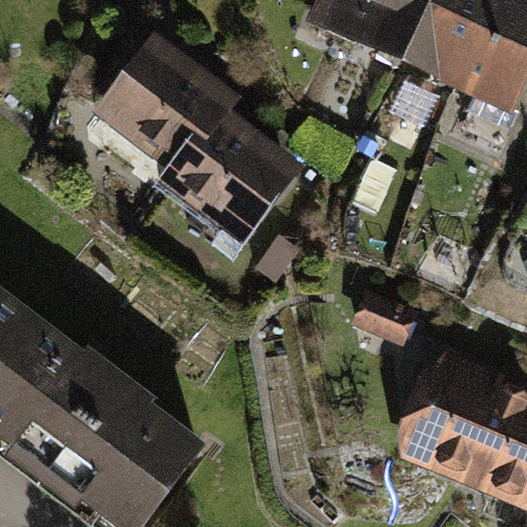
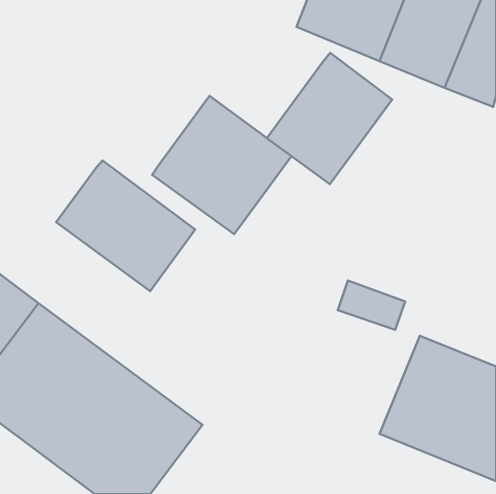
building: [90,31,229,173] -> none
building: none -> [267,53,392,184]
building: none -> [56,160,195,291]

